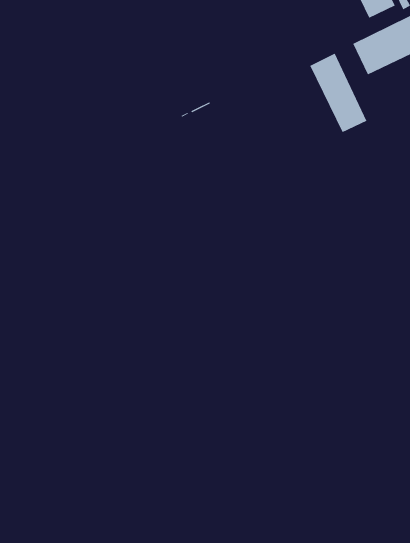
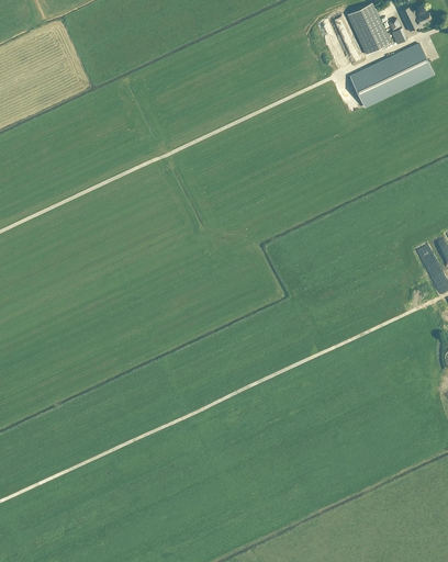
building: [309,52,367,133] -> none

